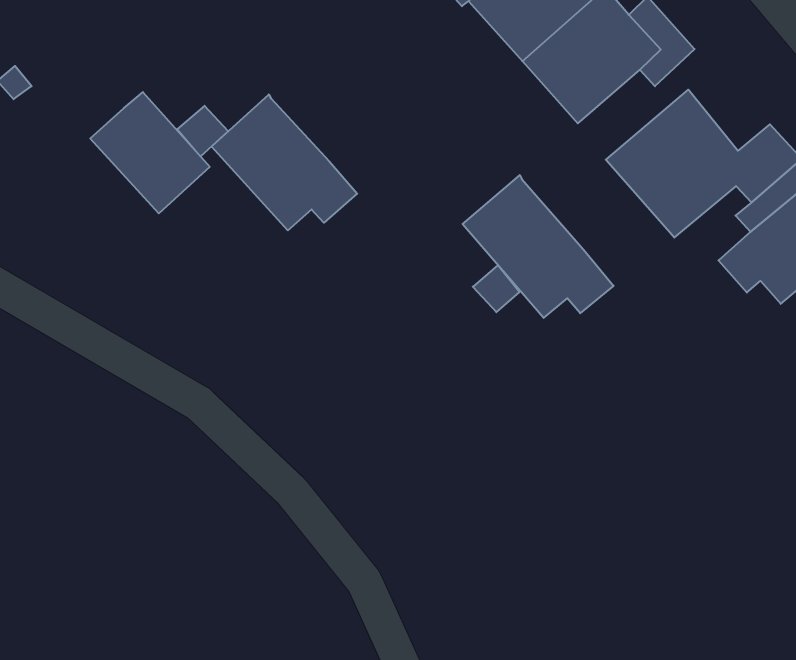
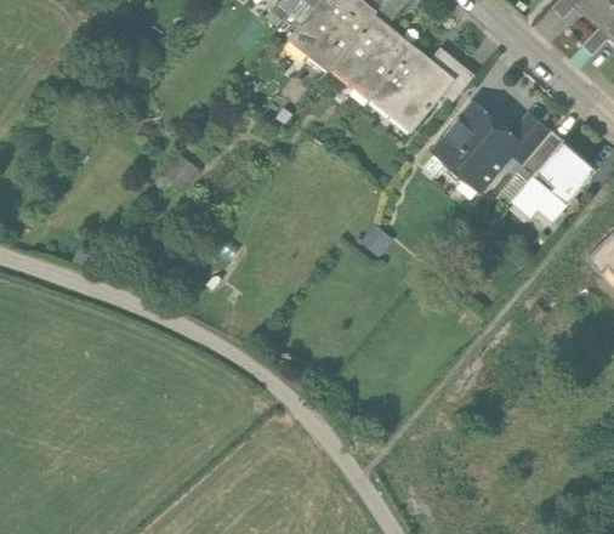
building: [90,92,210,213] -> none
building: [211,94,357,230] -> none
building: [463,175,614,318] -> none

